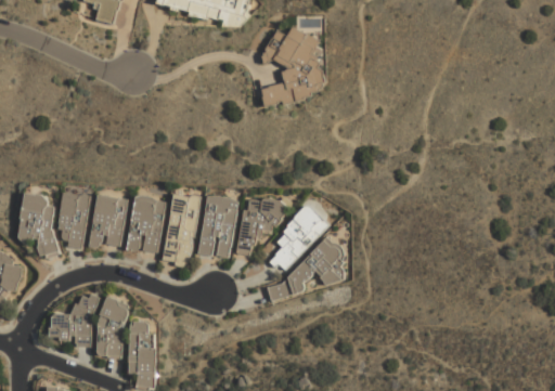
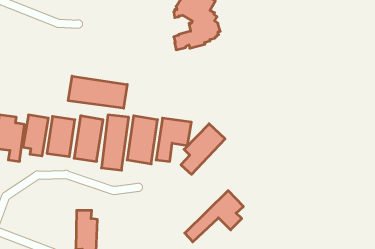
building: none -> [68,76,127,108]
building: [269,235,348,304] -> [185,191,243,242]
building: [50,294,95,344] -> none
building: [99,300,125,357] -> none

